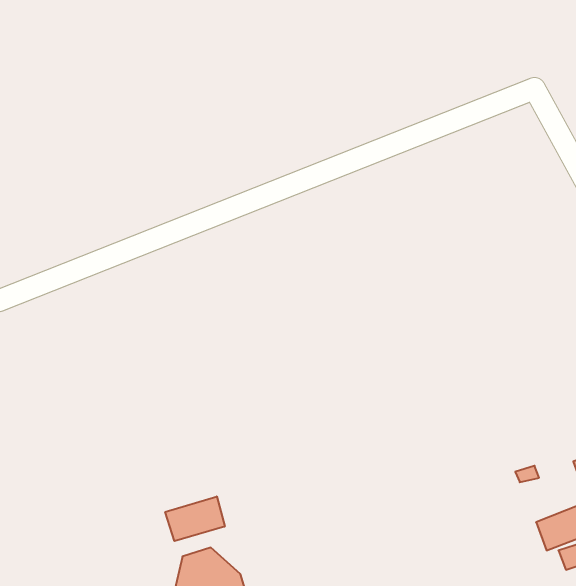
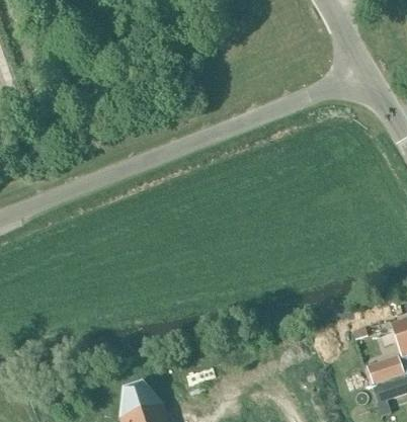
building: [165,496,225,541] -> none

